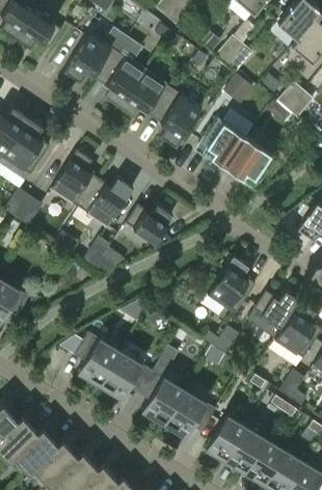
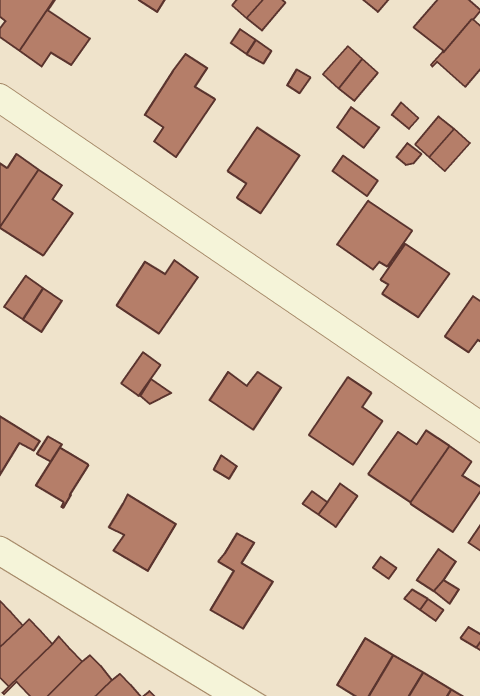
building: [64,31,126,82] -> none
building: [119,71,173,119] -> none
building: [202,118,247,167] -> [381,244,449,317]
building: [52,151,99,208] -> none
building: [126,205,173,243] -> [209,372,281,430]
building: none -> [36,448,88,508]
building: [101,353,152,398] -> none
building: [164,391,216,436] -> none
building: [206,416,245,460] -> none

